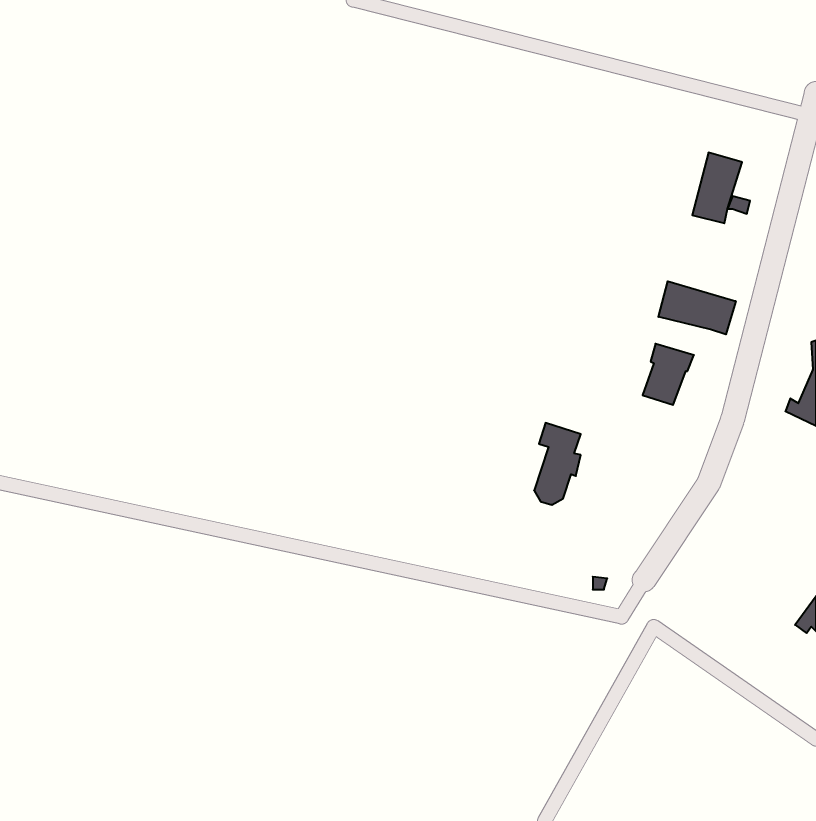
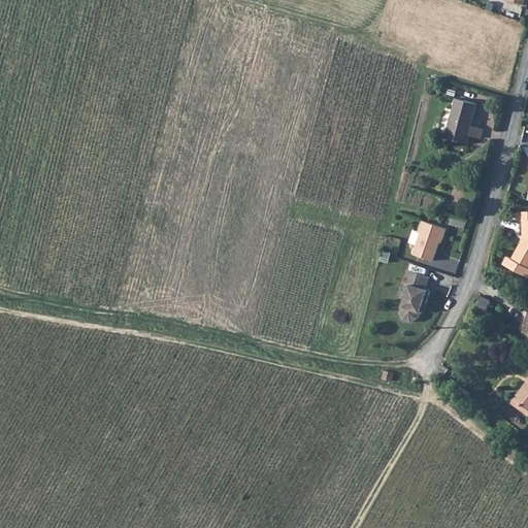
building: [658,281,736,334] -> none
building: [534,423,581,505] -> [401,270,431,323]

